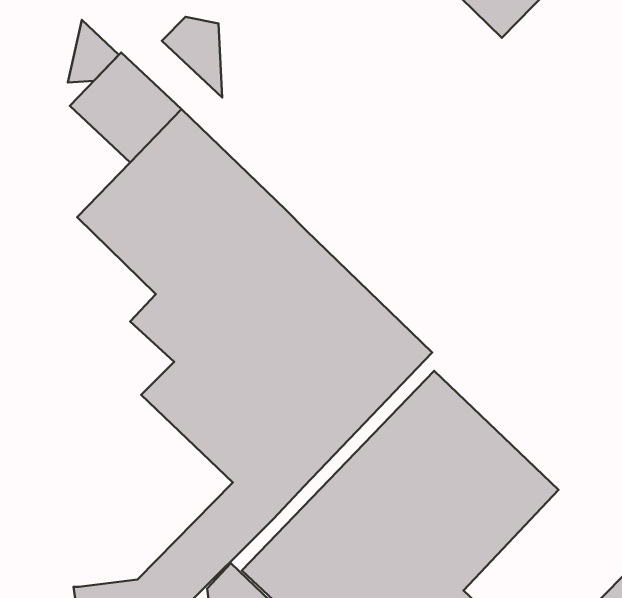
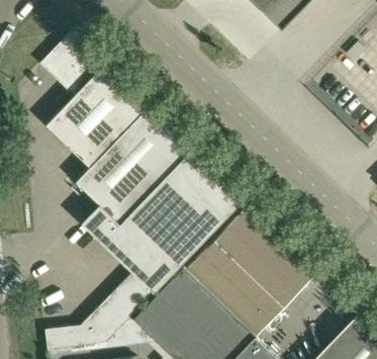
building: [162,17,222,97] -> none
building: [68,20,119,83] -> none

